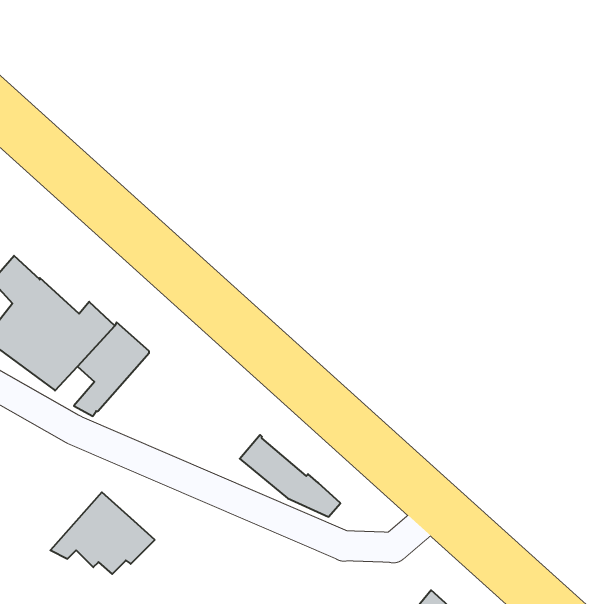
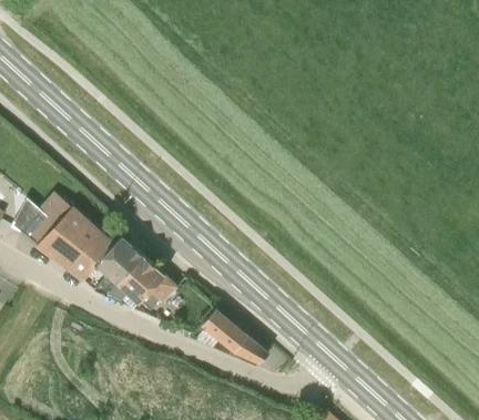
building: [50,492,155,574] -> [109,256,176,309]

